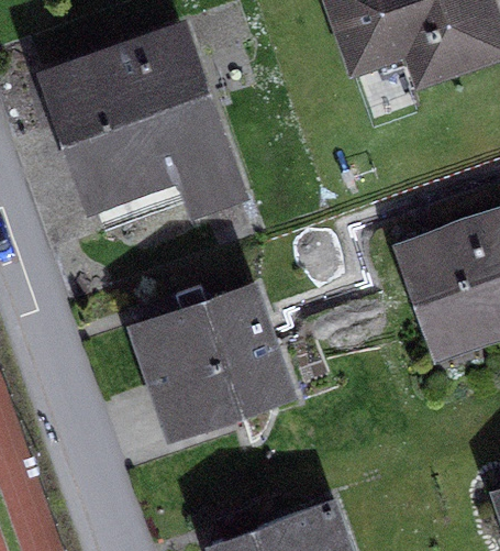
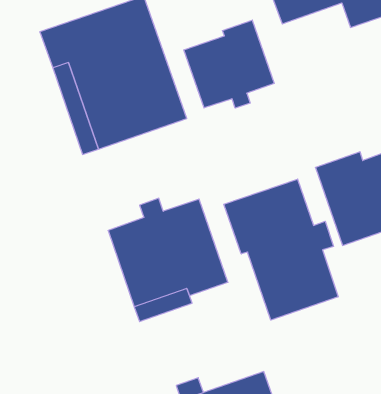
building: none -> [184,20,274,108]
building: none -> [224,179,338,320]

